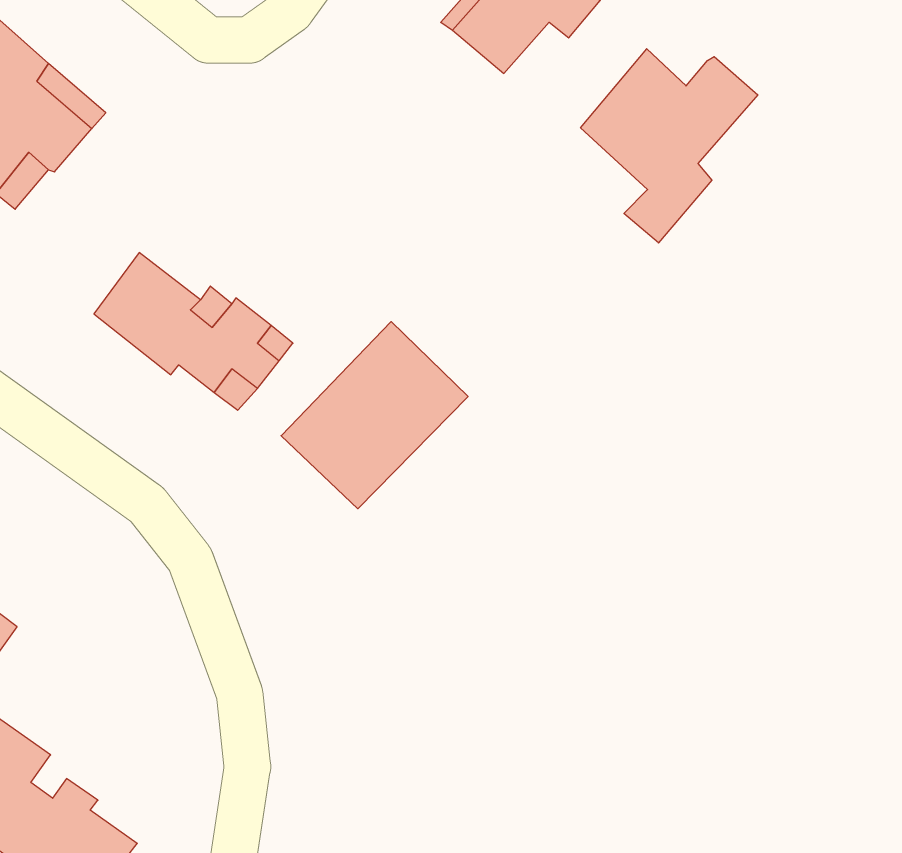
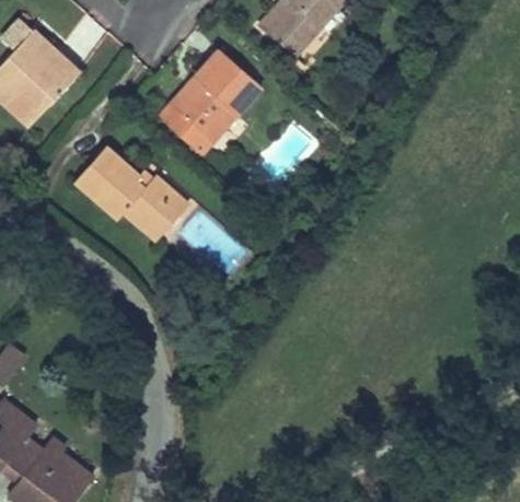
building: [581,49,758,243] -> none
building: [281,322,468,509] -> [161,55,265,159]

